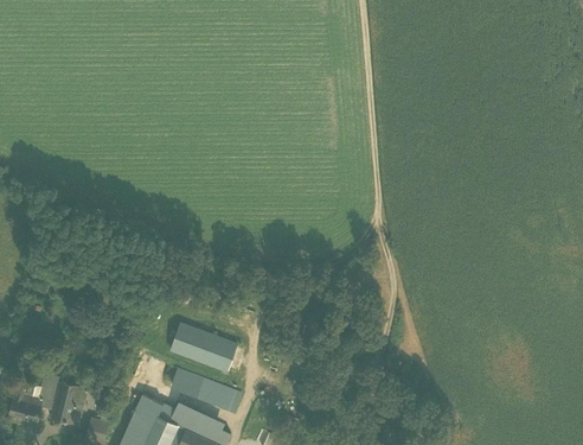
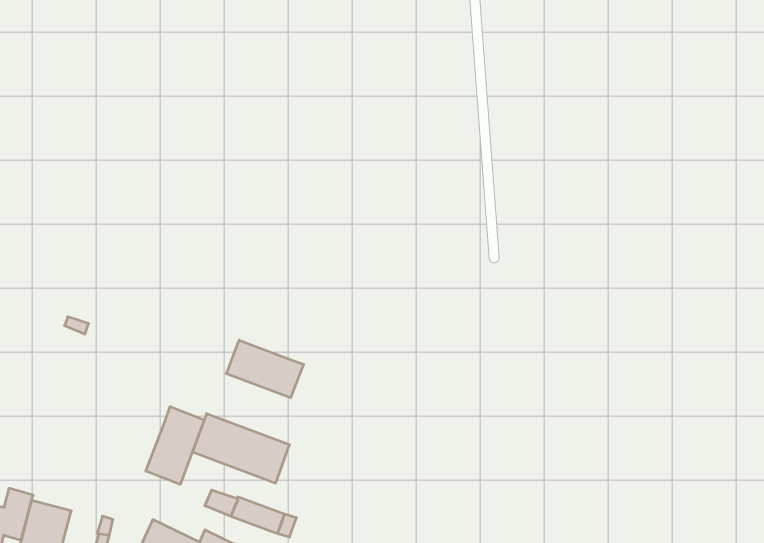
building: none -> [226,340,304,398]
building: none -> [146,407,204,484]

